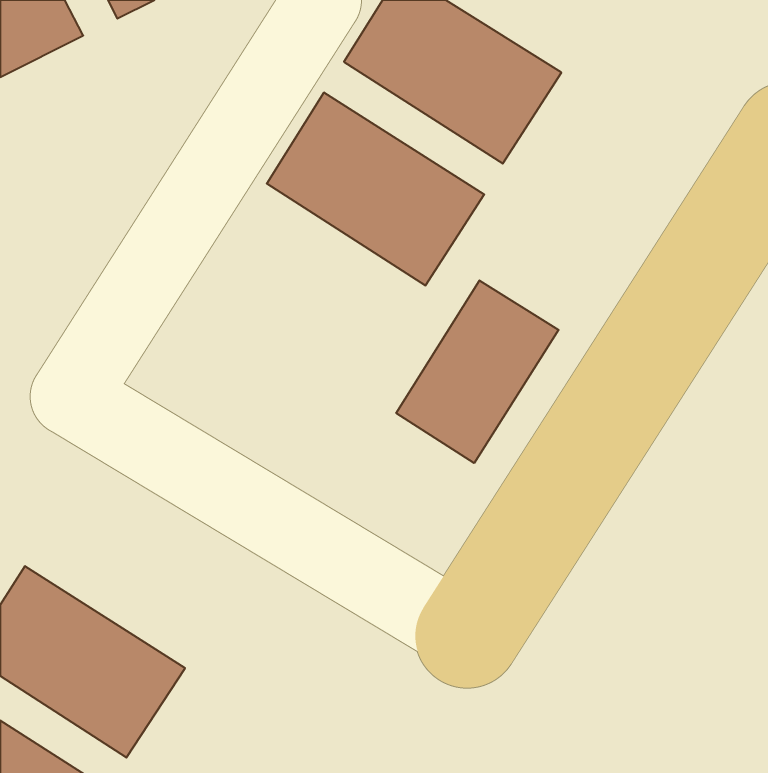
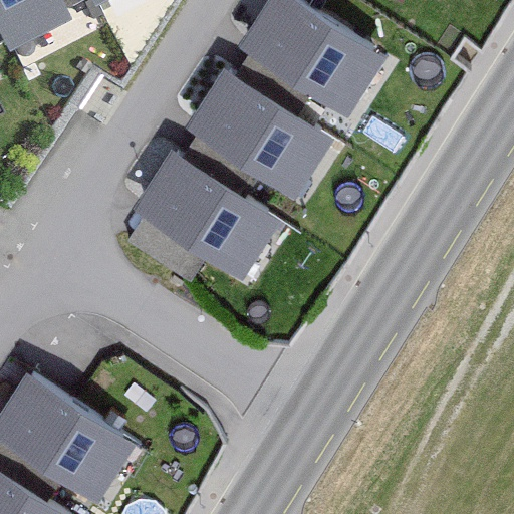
building: none -> [135,153,275,277]
building: [396,280,559,463] -> none

